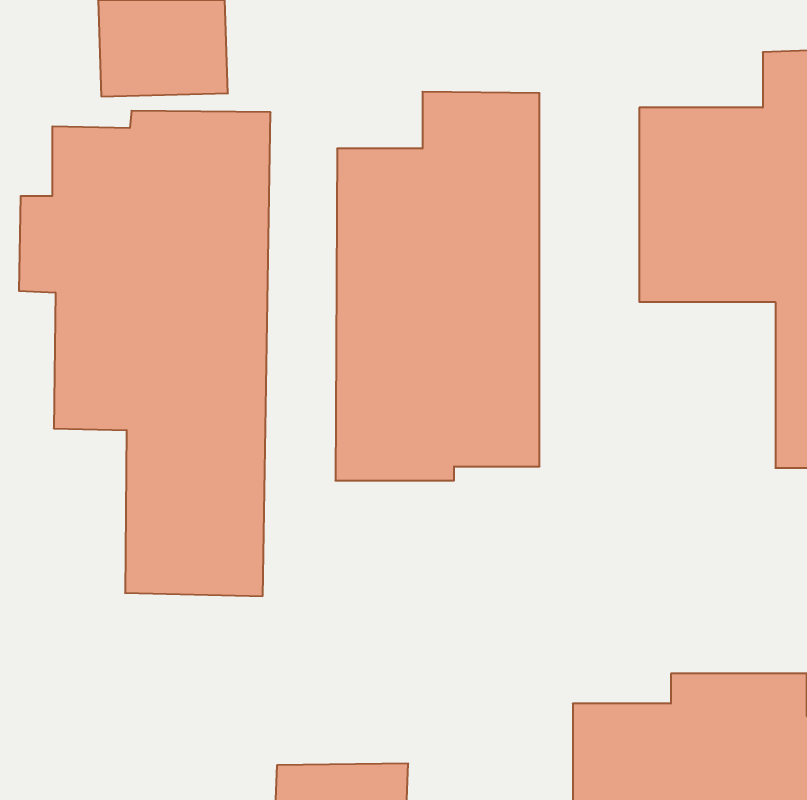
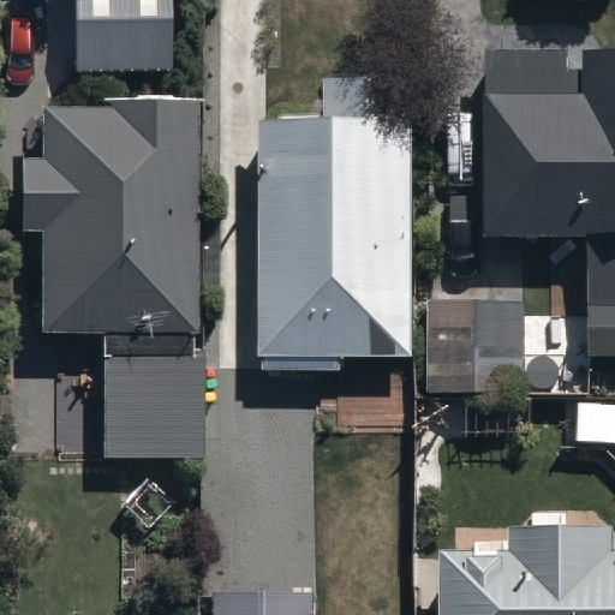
building: none -> [425,304,524,390]

